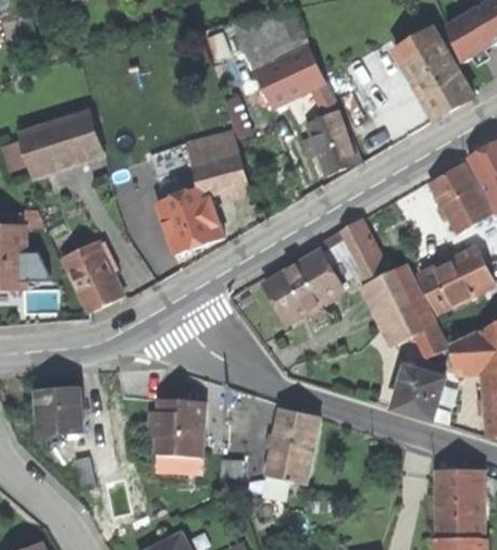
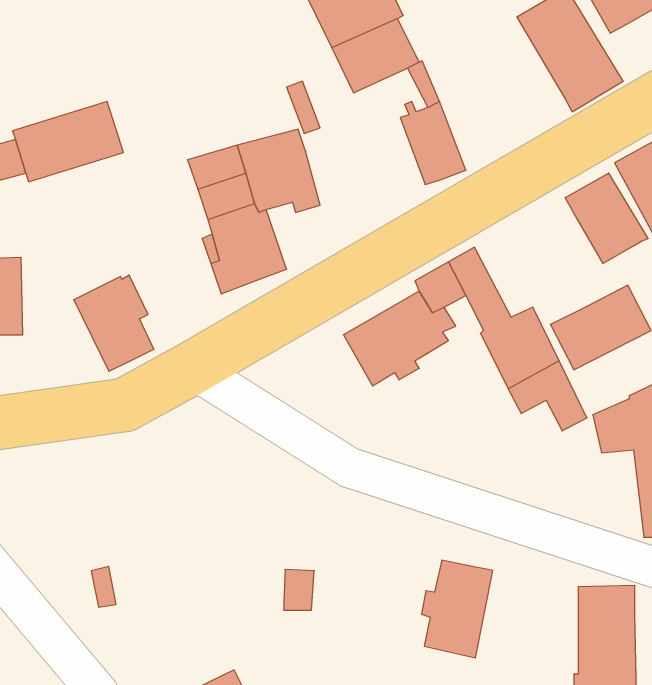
building: [393,362,445,418] -> none
building: [38,389,84,435] -> none
building: [149,400,209,485] -> none
building: [265,410,319,483] -> [421,560,493,658]

